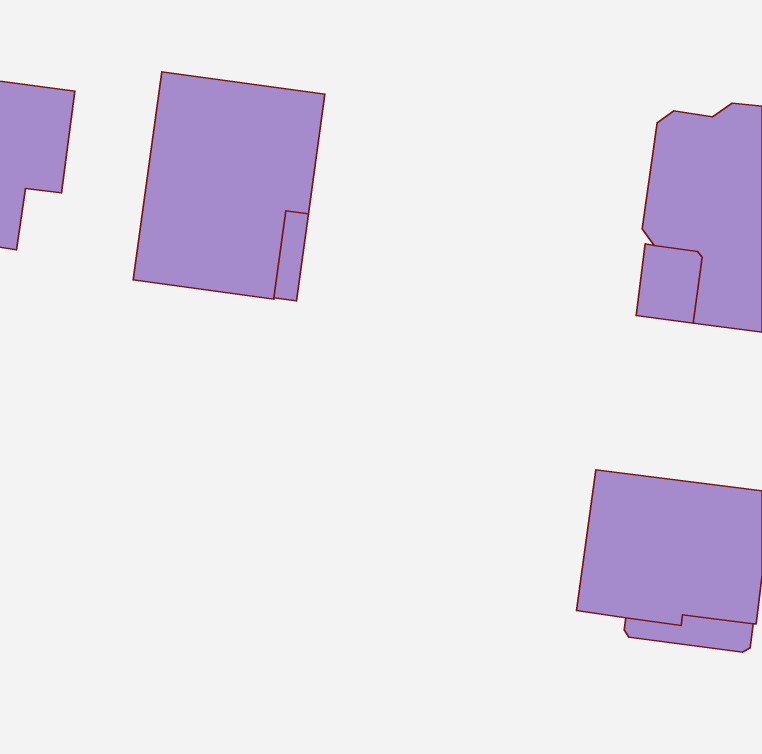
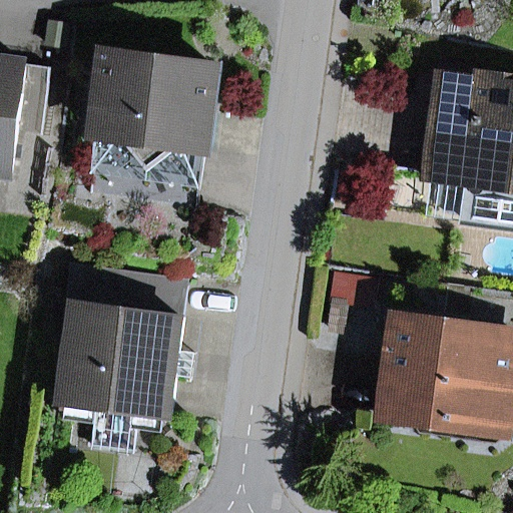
building: none -> [60,263,194,445]

